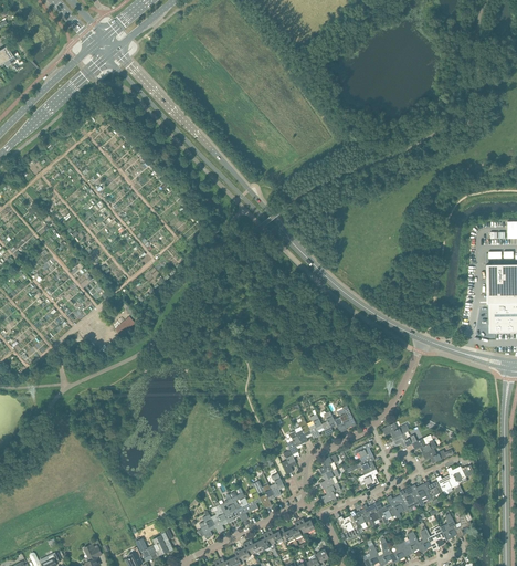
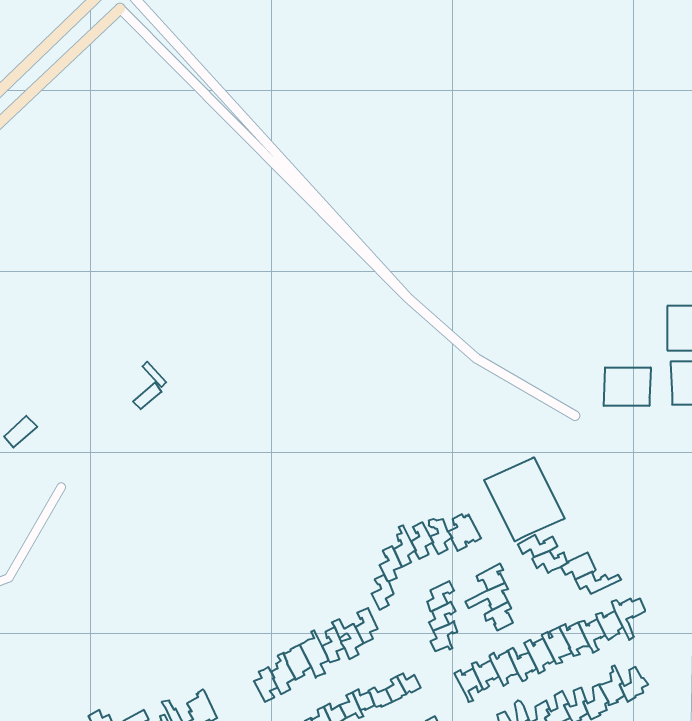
building: none -> [604,367,651,406]
building: none -> [484,457,565,541]

